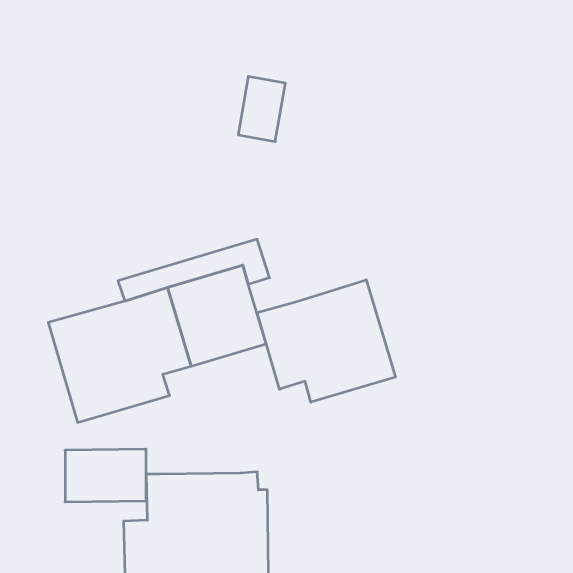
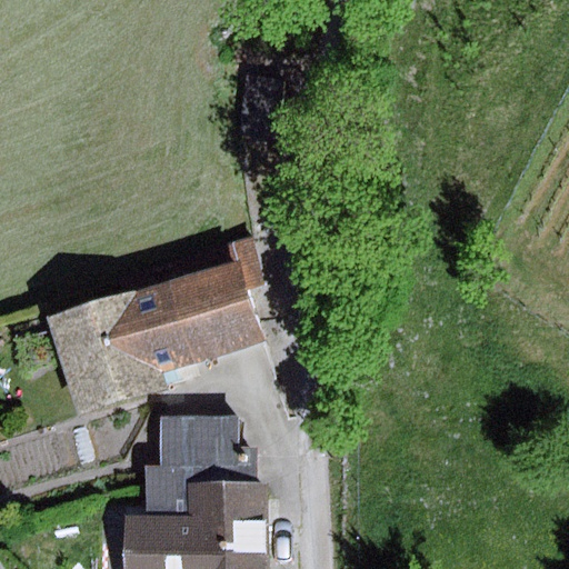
building: [257,280,395,402] -> none
building: [65,449,146,502] -> [158,418,238,470]

